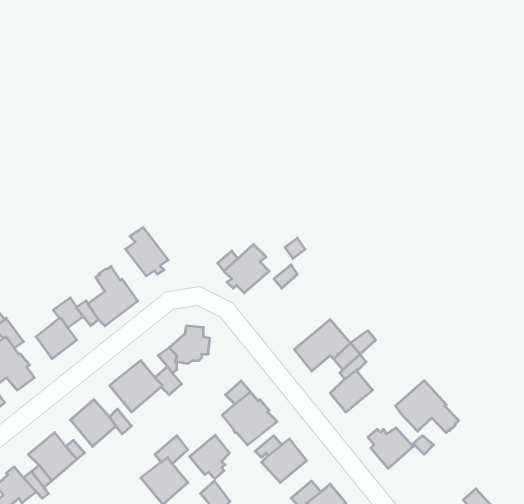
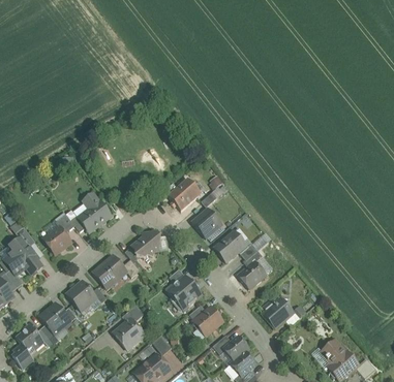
building: [125,227,168,276] -> none
building: none -> [191,208,219,237]
building: [396,381,459,433] -> none
building: [189,435,229,479] -> none

